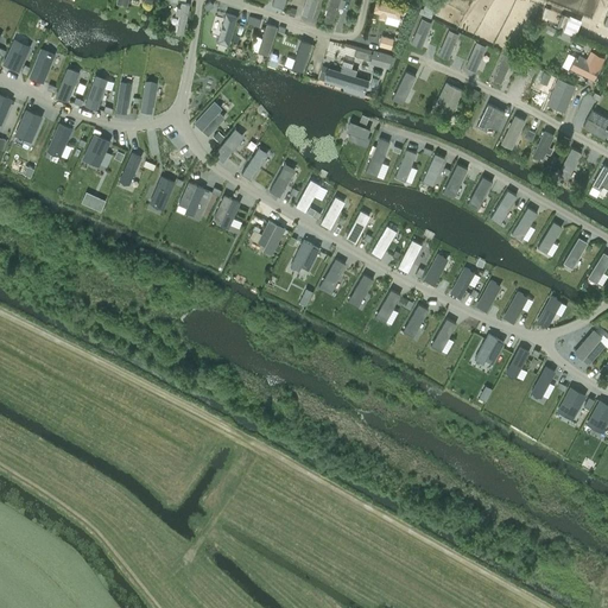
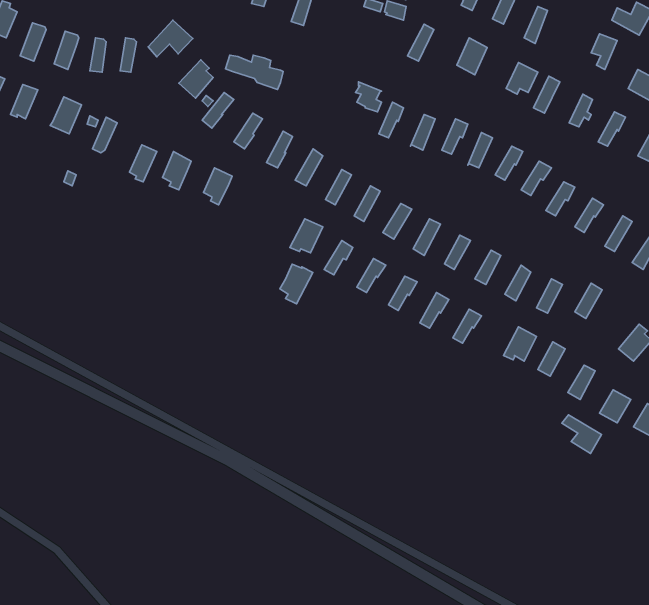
building: [317,68,367,97] -> [226,55,283,89]
building: none -> [148,20,193,57]
building: [256,222,285,256] -> [280,264,313,304]
building: none -> [562,415,602,453]

